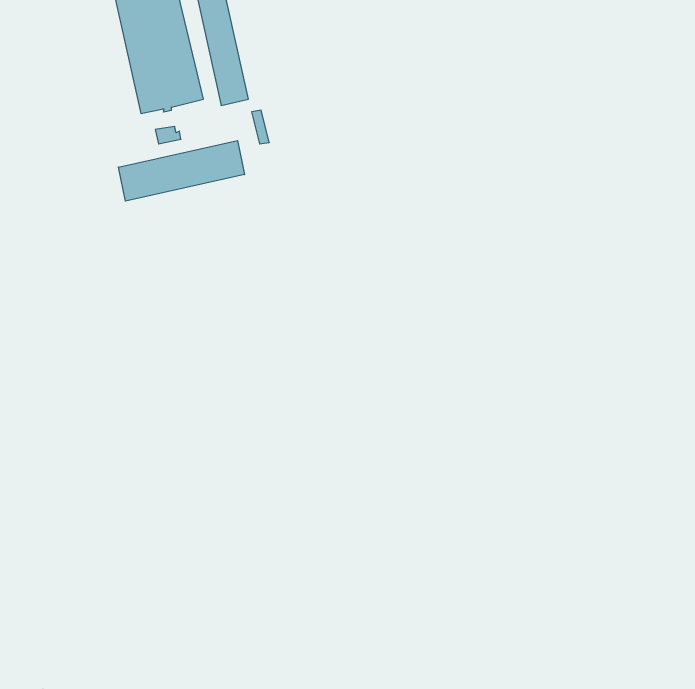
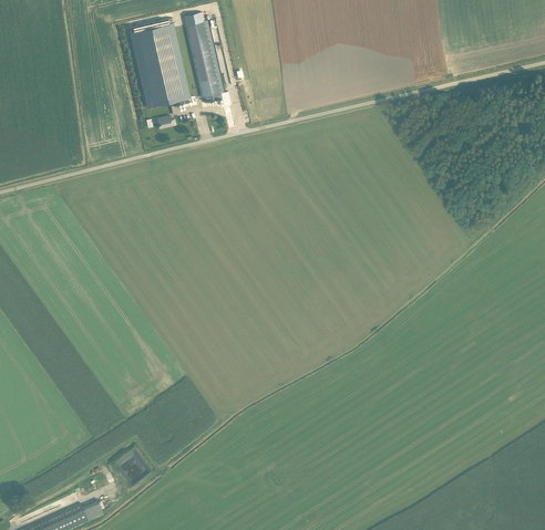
building: [118,141,245,201] -> none

